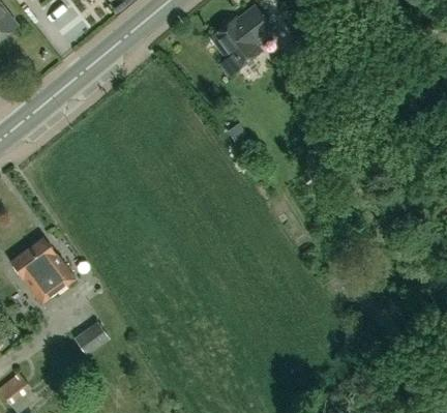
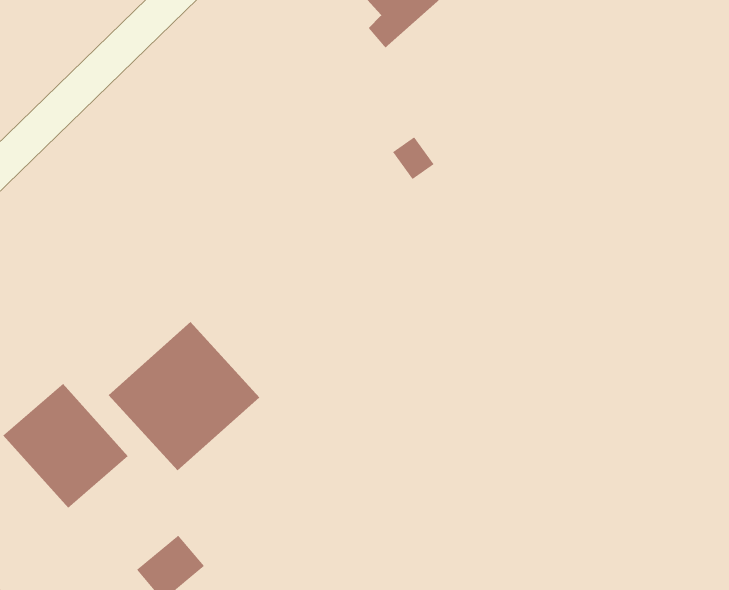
building: none -> [108,321,260,471]

